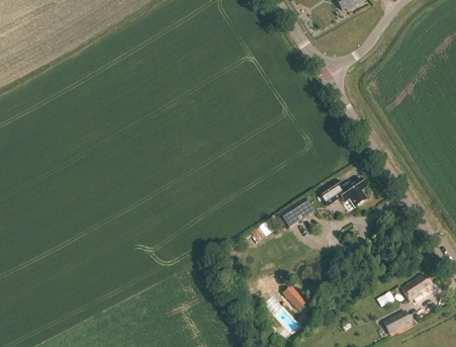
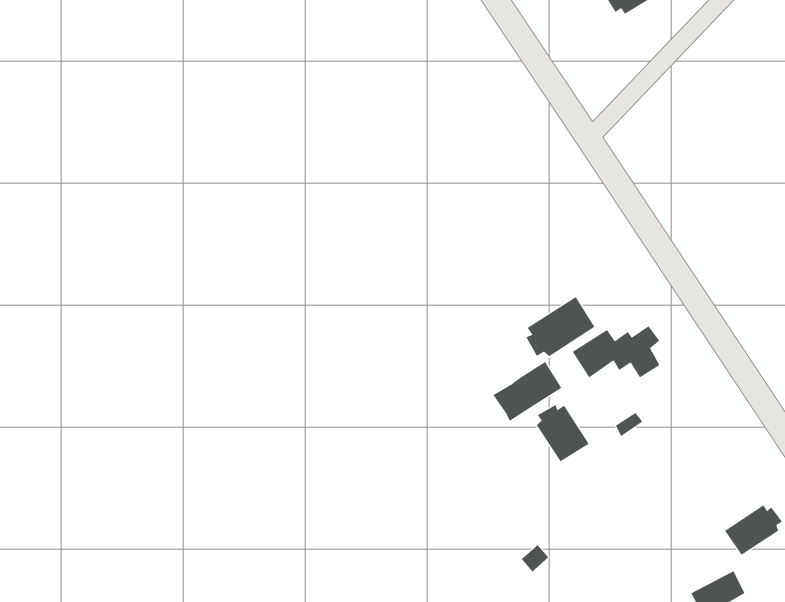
building: none -> [525,296,595,357]
building: none -> [536,404,589,462]

